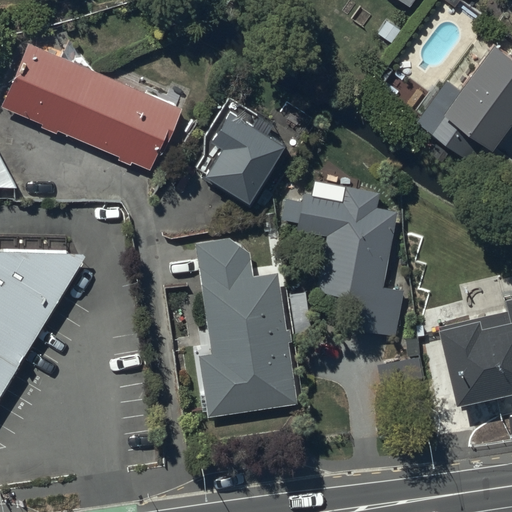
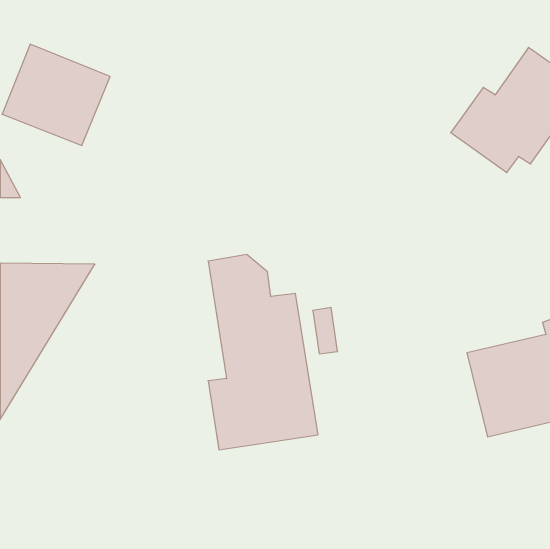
building: [77,73,179,168] -> none
building: [205,112,285,203] -> none
building: [298,187,402,337] -> none

